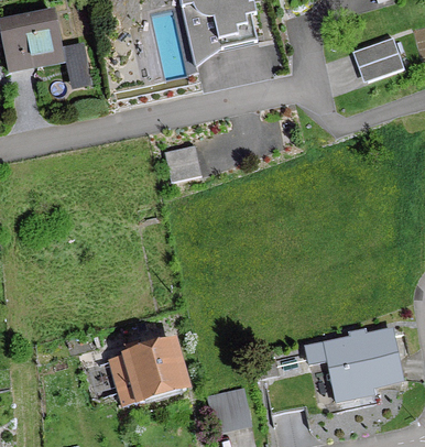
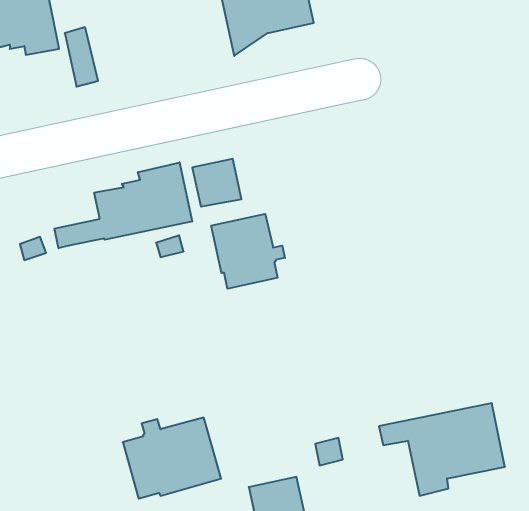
building: [356,35,403,79] -> none
building: none -> [54,162,192,248]
building: none -> [211,214,285,289]

